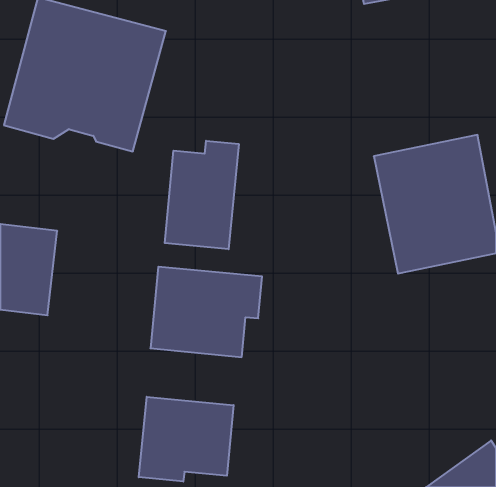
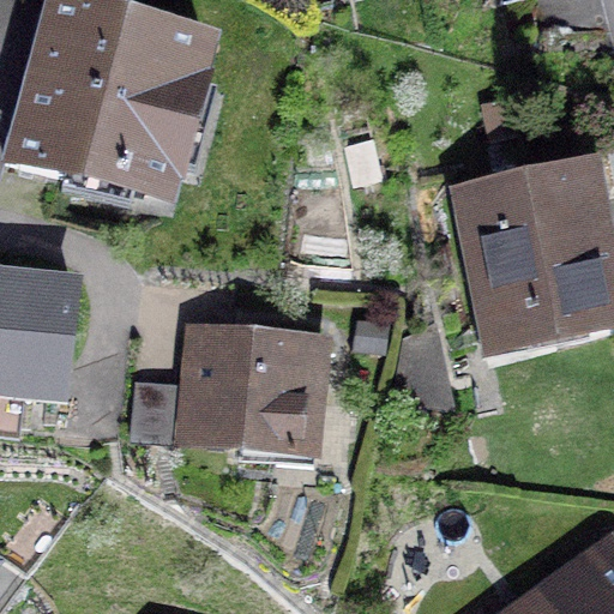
building: [165,141,239,249] -> none
building: [139,397,234,482] -> none

